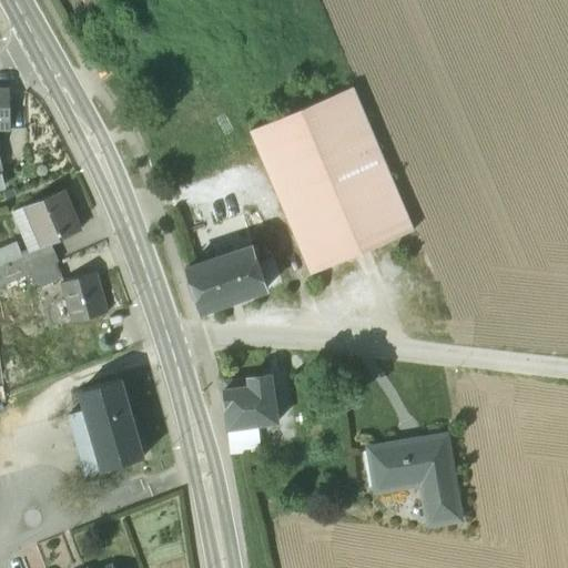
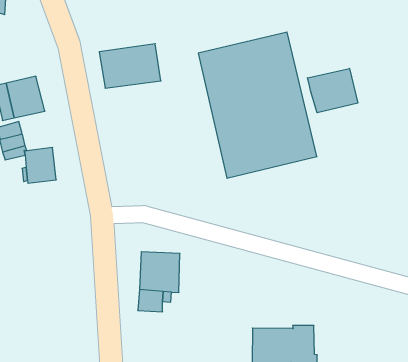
building: none -> [308,68,358,113]
building: [186,247,266,311] -> [99,44,161,88]
building: [68,378,144,474] -> none

